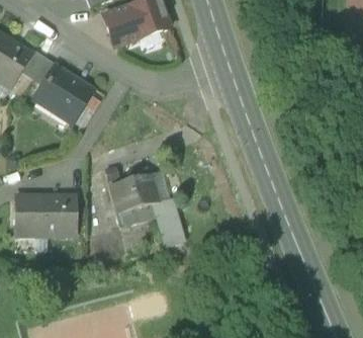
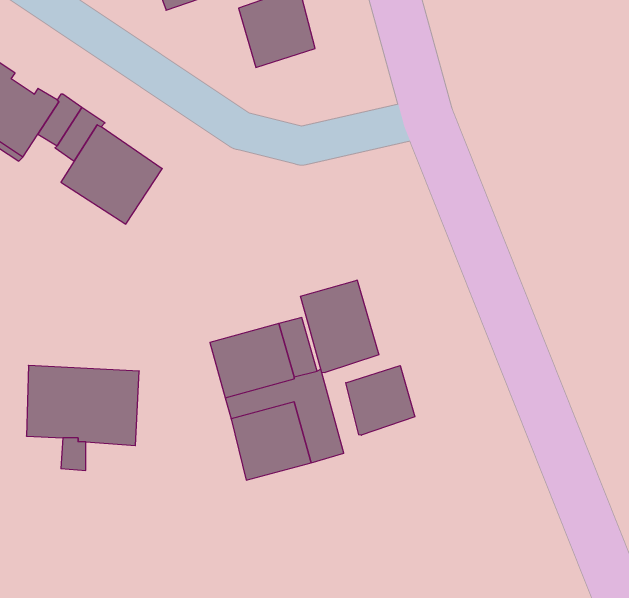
building: [102,5,137,43] -> none
building: none -> [300,280,379,373]
building: none -> [346,366,415,435]

